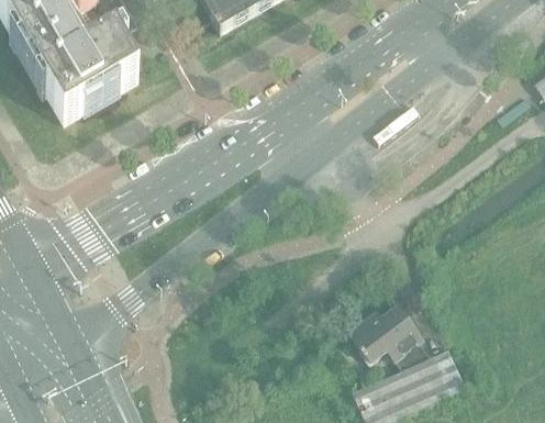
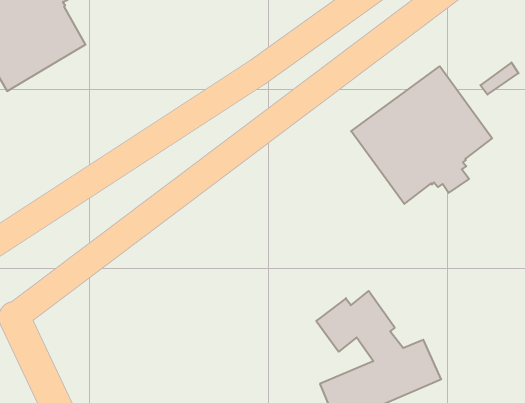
building: none -> [351,66,492,204]

